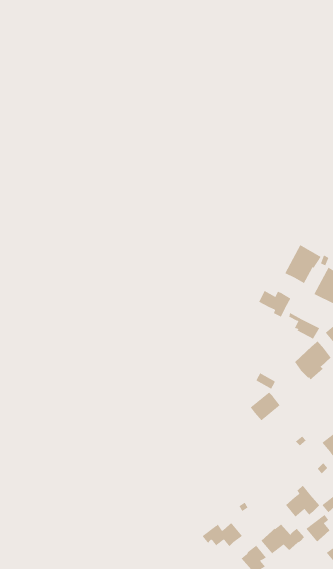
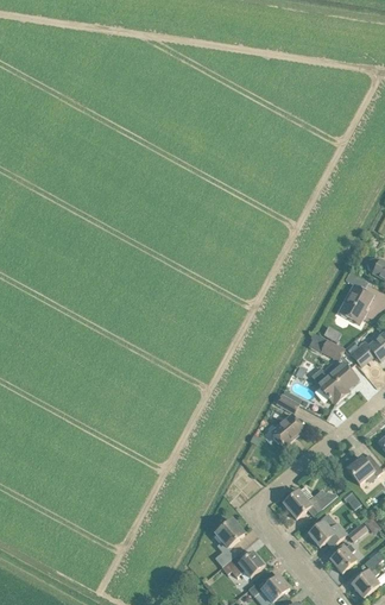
building: [284,244,321,284] -> none
building: [258,290,291,318] -> none
building: none -> [215,519,245,566]
building: [261,524,305,554] -> [284,486,330,518]

